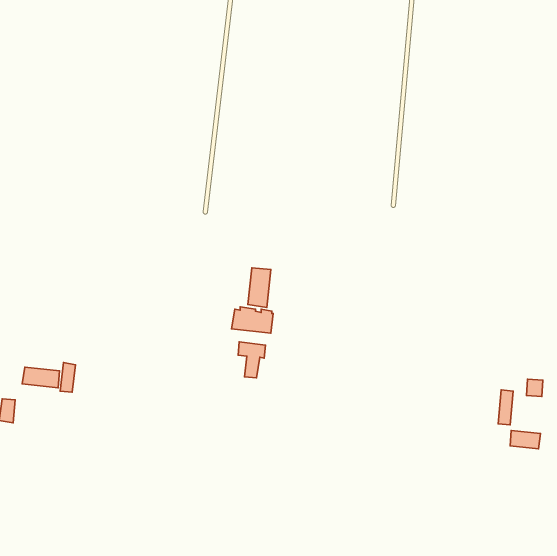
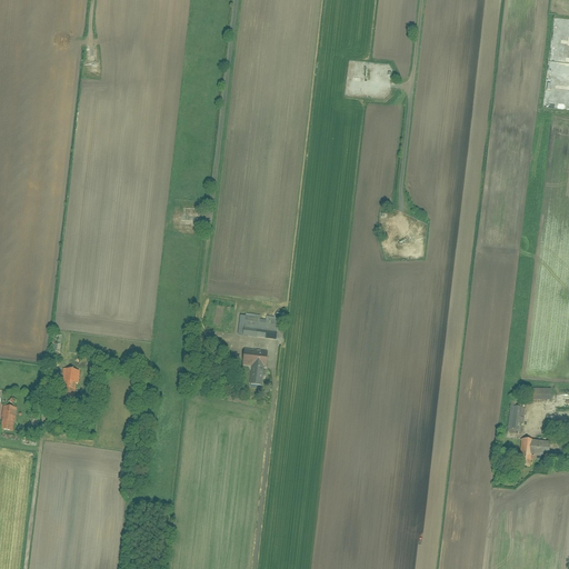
building: [248,268,271,307] -> none
building: [22,367,60,388] -> none

